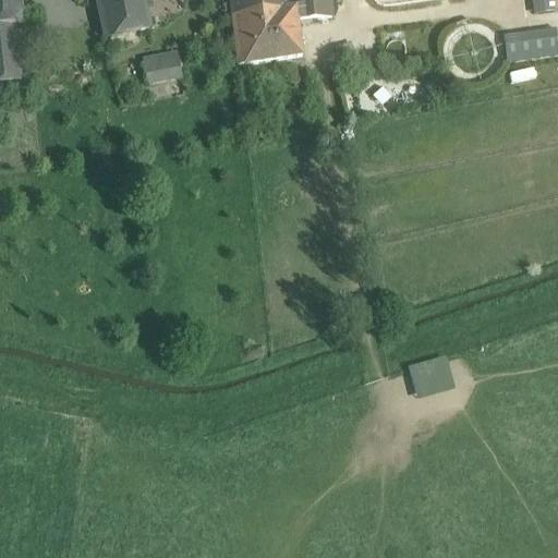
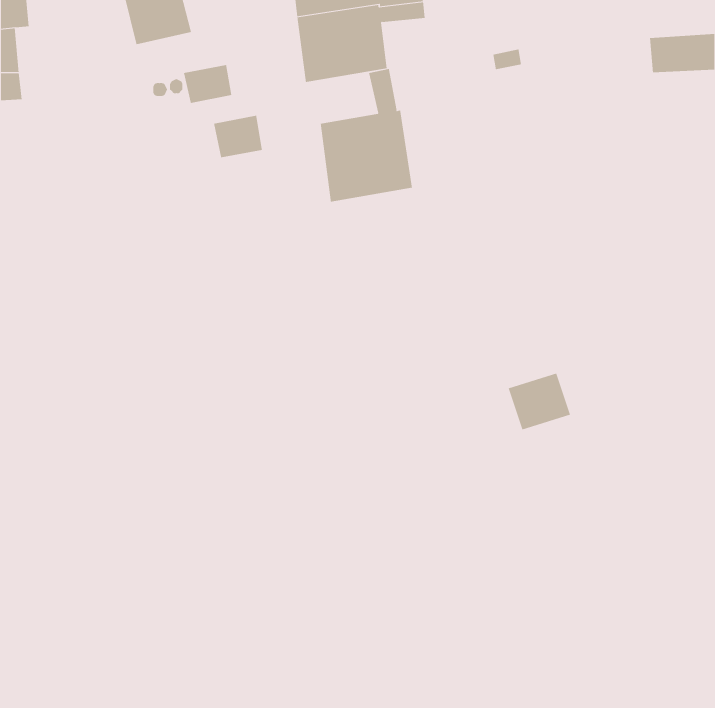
building: none -> [320,68,413,202]
building: none -> [214,115,262,158]
building: [410,351,459,396] -> [508,373,571,430]

